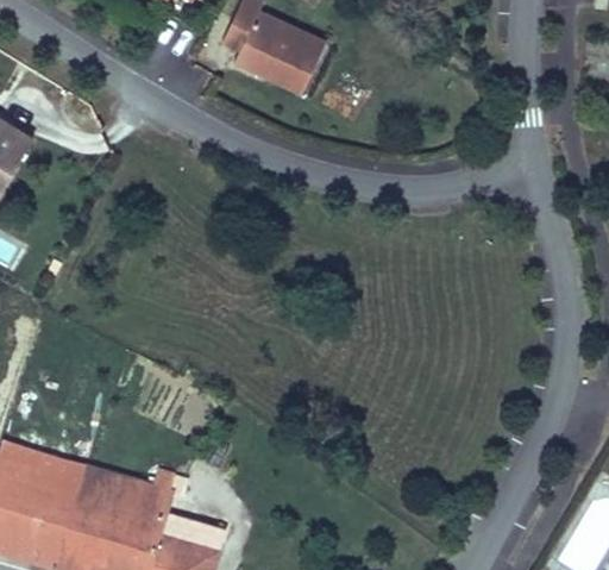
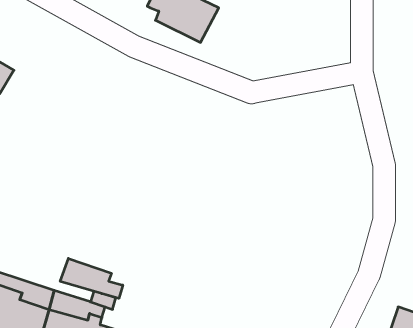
building: none -> [60,258,123,298]

